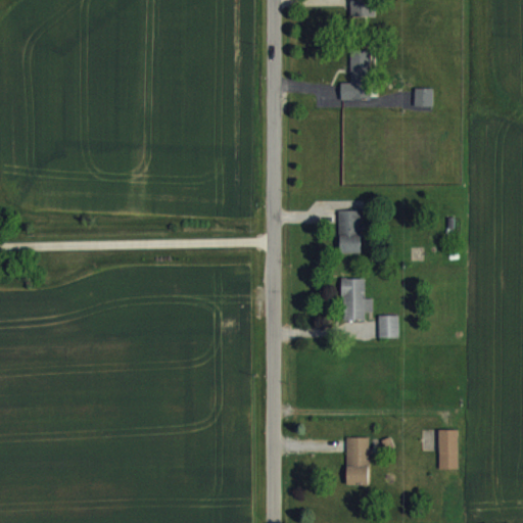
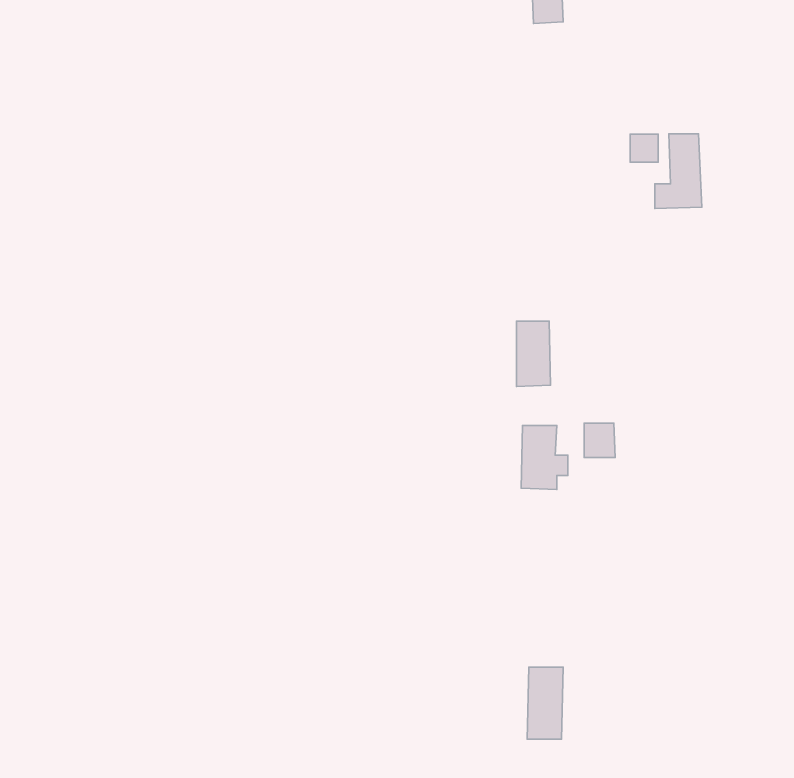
building: [339,50,370,99] -> [655,134,702,209]
building: [378,316,398,338] -> [584,423,615,458]
building: [438,430,457,469] -> none

